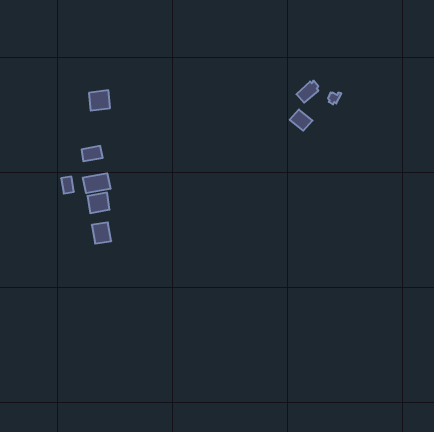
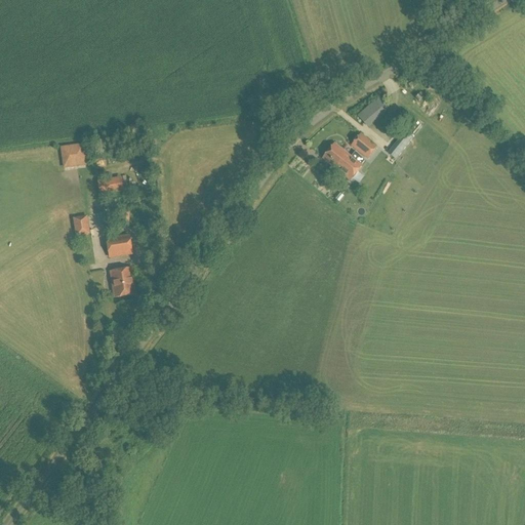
building: [89,90,110,111] -> [60,143,86,167]
building: none -> [322,143,364,178]
building: [83,173,110,193] -> none

